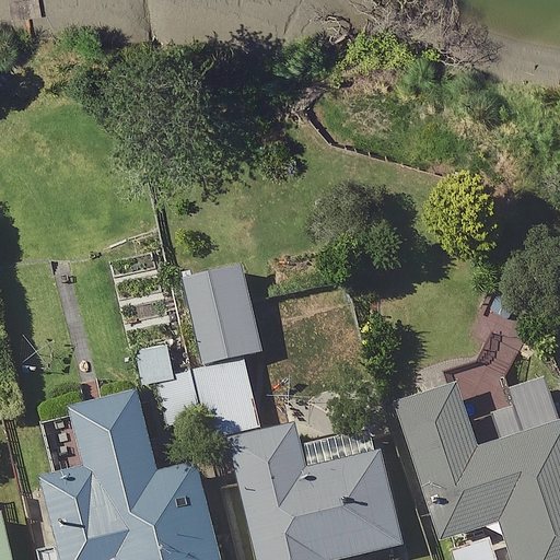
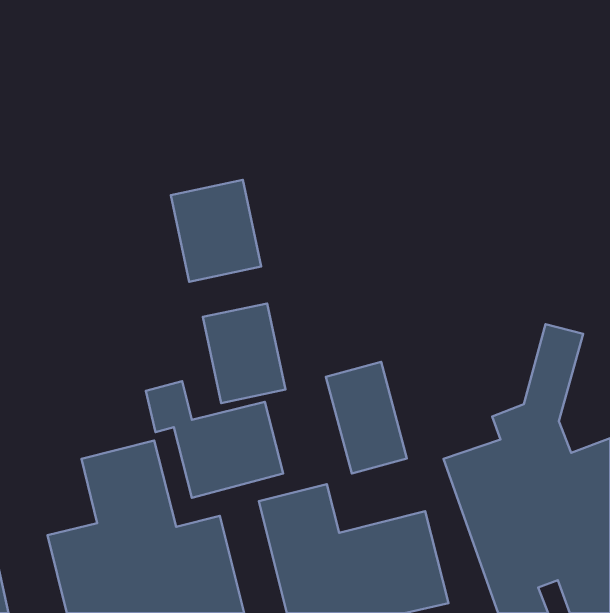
building: none -> [171,180,261,282]
building: none -> [326,362,407,473]

